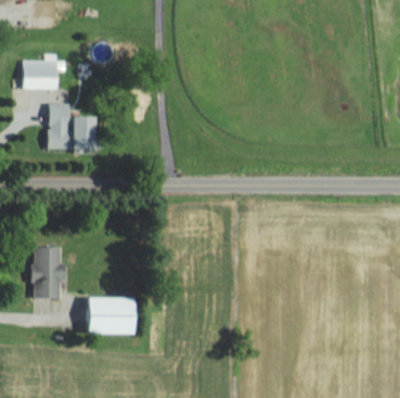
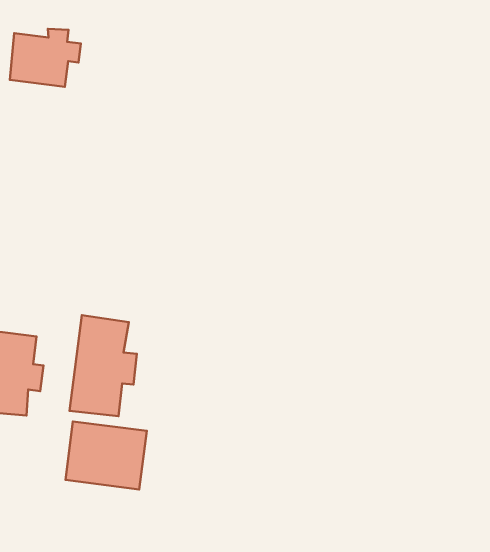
building: [47,104,98,150] -> none
building: none -> [70,315,137,416]

